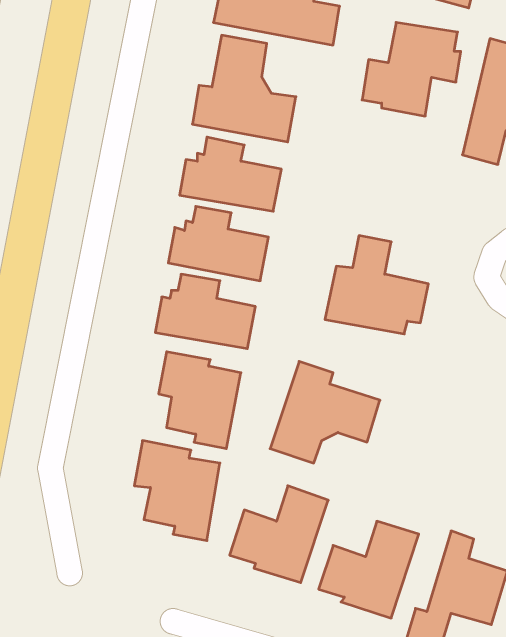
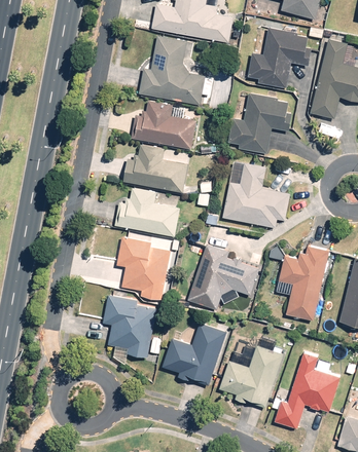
building: none -> [227,92,291,153]
building: none -> [279,247,329,319]

